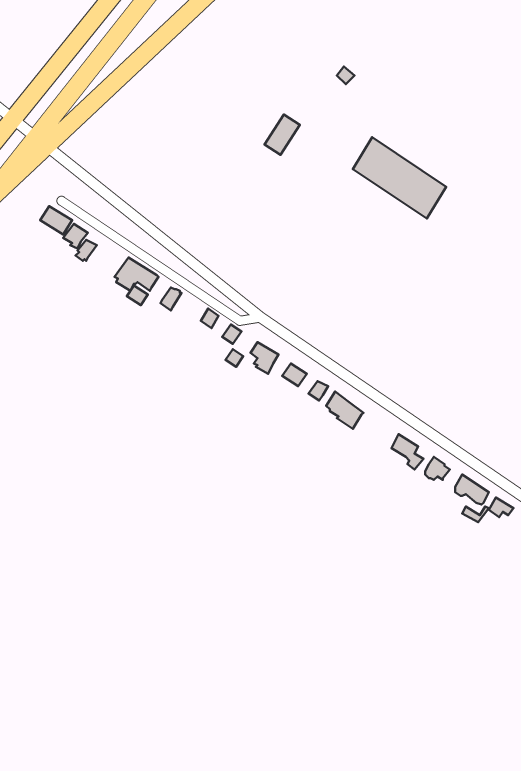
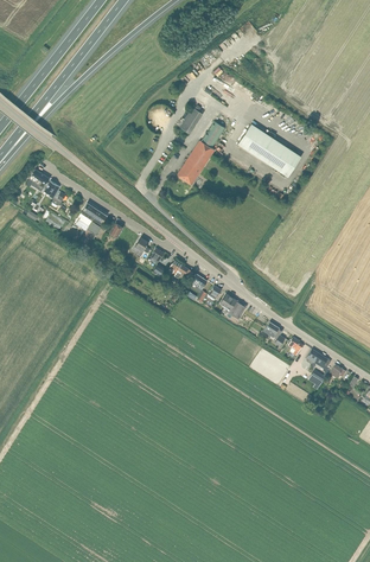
building: none -> [176,121,224,185]

